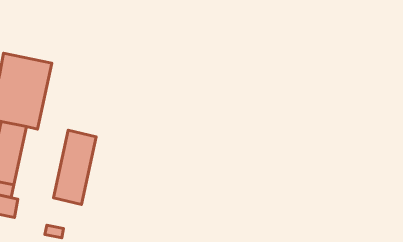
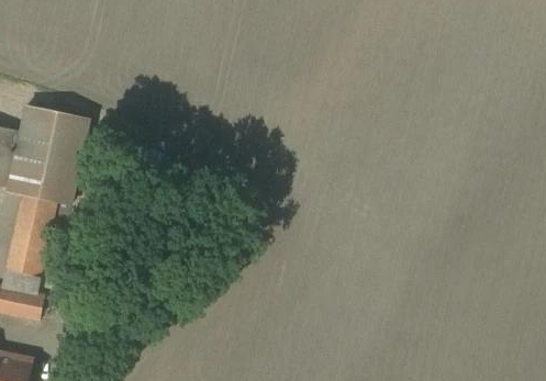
building: [53,130,96,204] -> none

